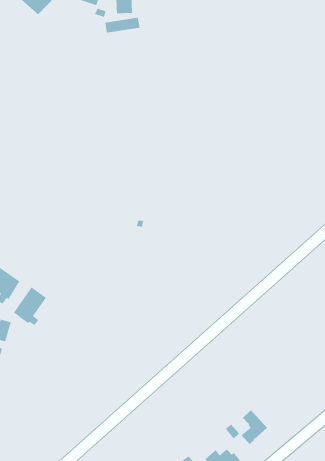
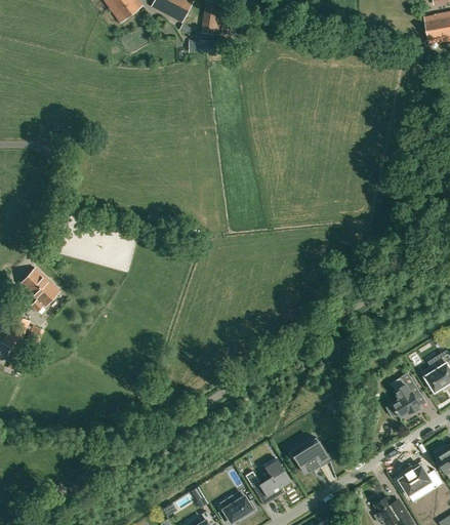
building: [13,286,47,326] -> none
building: none -> [292,437,326,473]

